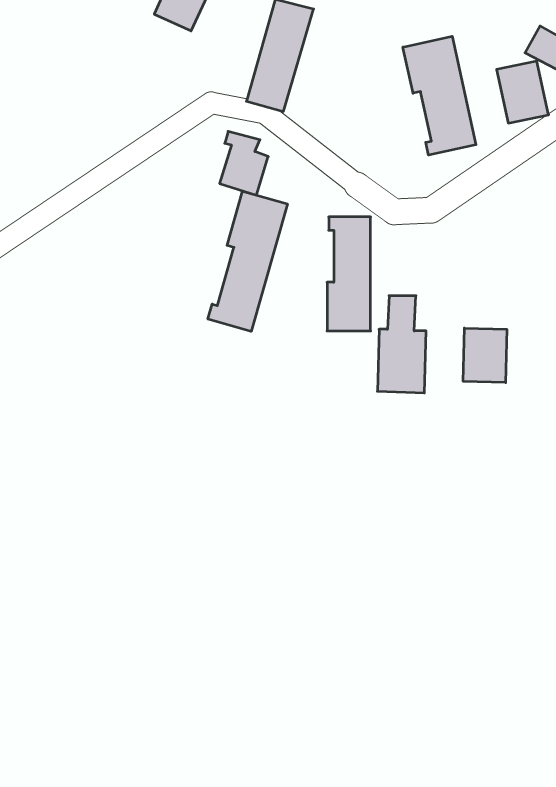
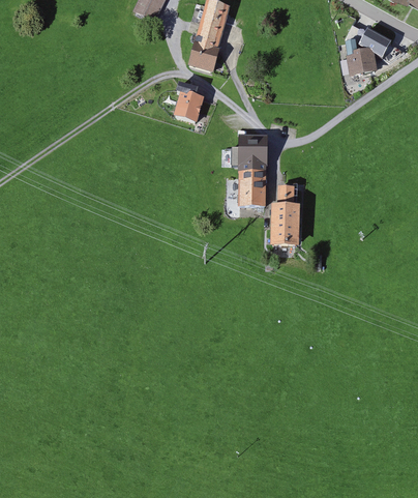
building: [403,36,476,155] -> none
building: [208,191,287,331] -> none
building: [463,328,507,383] -> none

